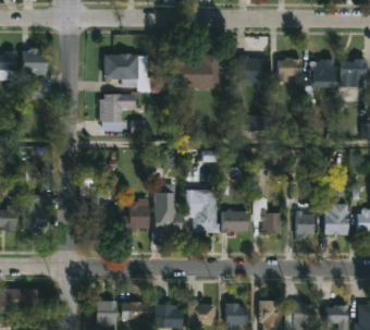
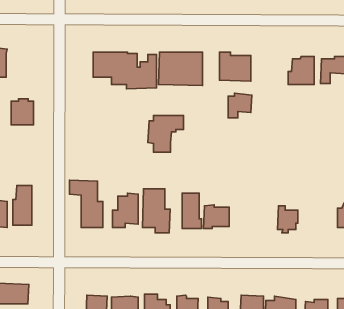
building: [25,48,48,74] -> [11,99,34,125]
building: [274,57,298,82] -> [228,93,252,118]
building: [101,94,137,131] -> [148,116,183,152]
building: [321,204,345,235] -> none
building: [257,208,279,234] -> none

